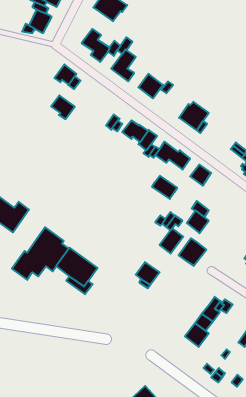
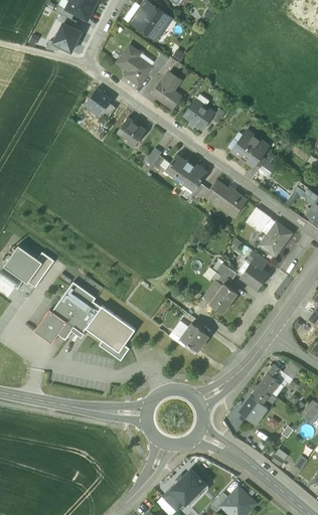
building: [51,95,75,119] -> [118,118,146,146]
building: [152,176,177,199] -> none
building: none -> [261,222,292,256]
building: [179,238,206,266] -> none

